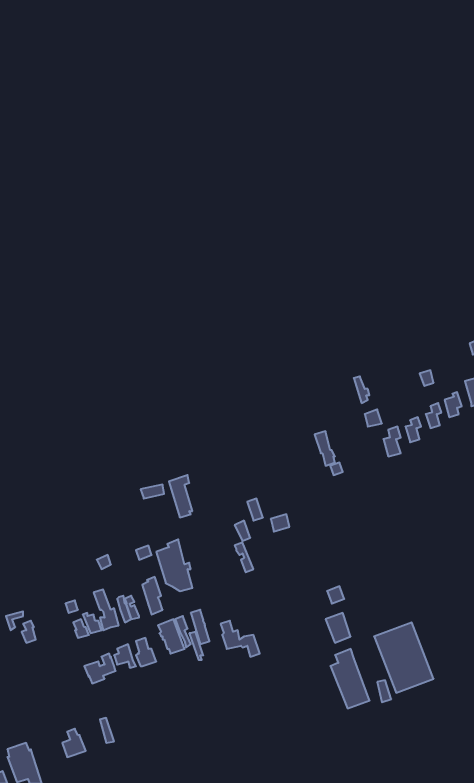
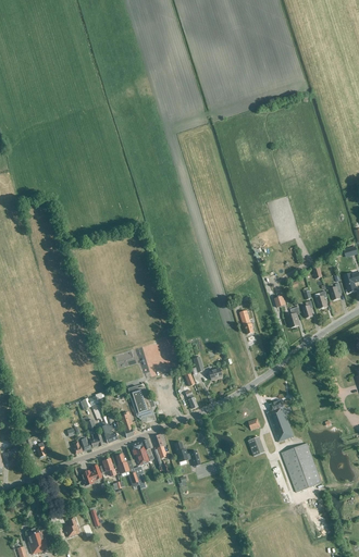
building: [330,649,370,708] -> [267,400,294,442]

